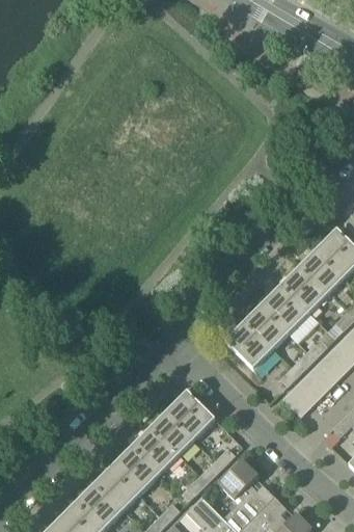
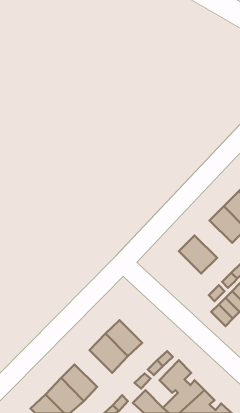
building: [262,284,308,330] -> none
building: [224,322,270,368] -> none
building: [168,390,215,436] -> none
building: [112,446,159,491] -> none

